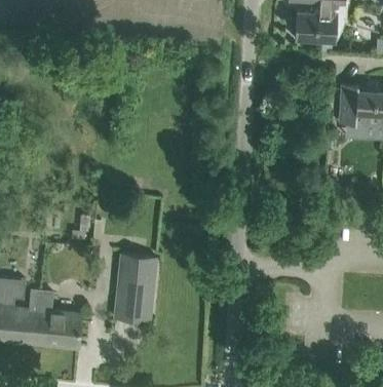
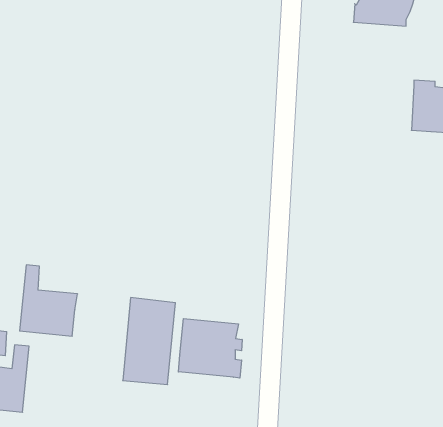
building: none -> [178,319,242,378]
building: [37,292,82,347] -> [20,265,78,336]

